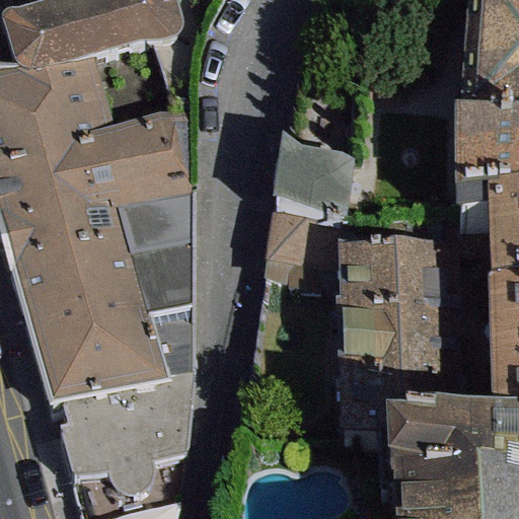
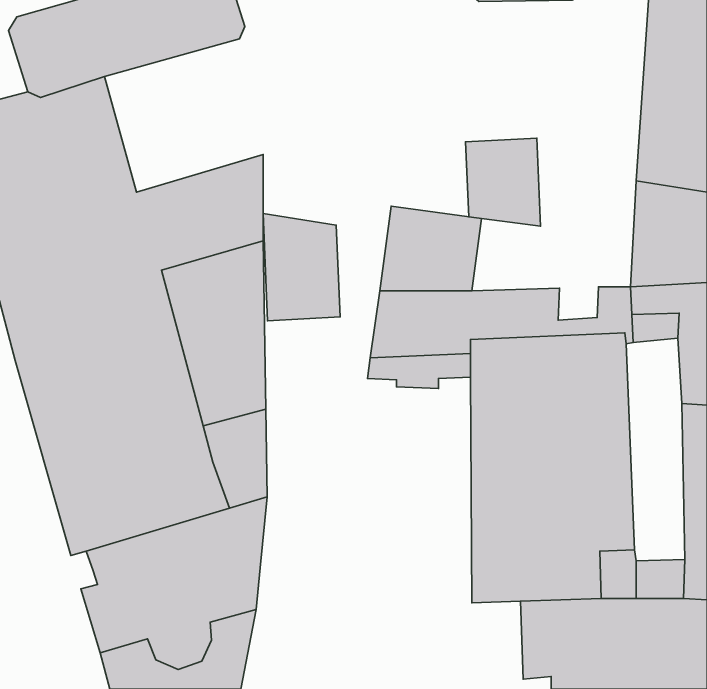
building: none -> [466,138,541,226]
building: none -> [263,213,340,321]

